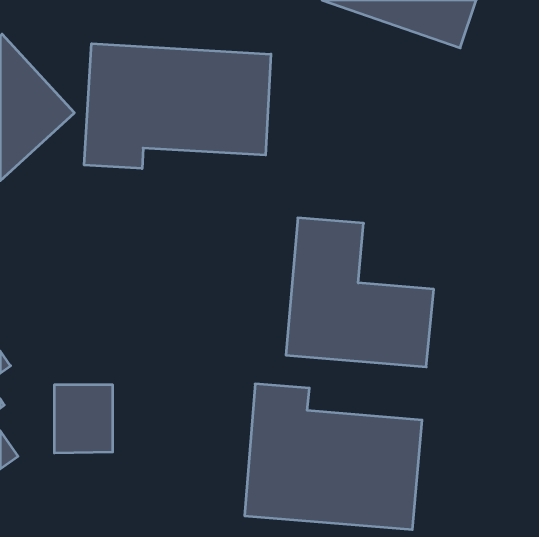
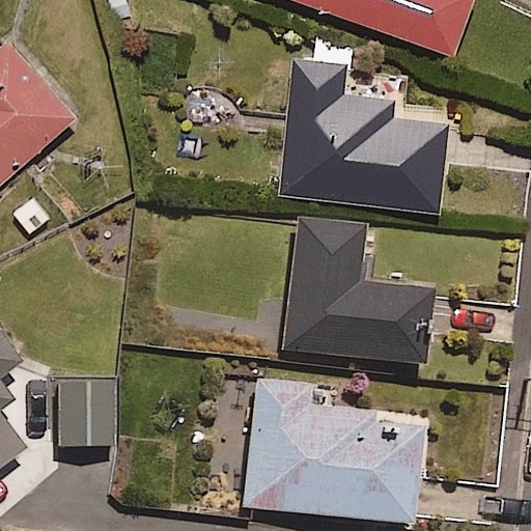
building: none -> [284,46,449,206]
building: [84,44,271,169] -> none

